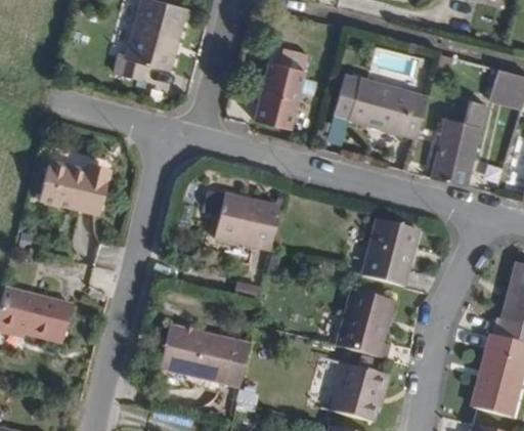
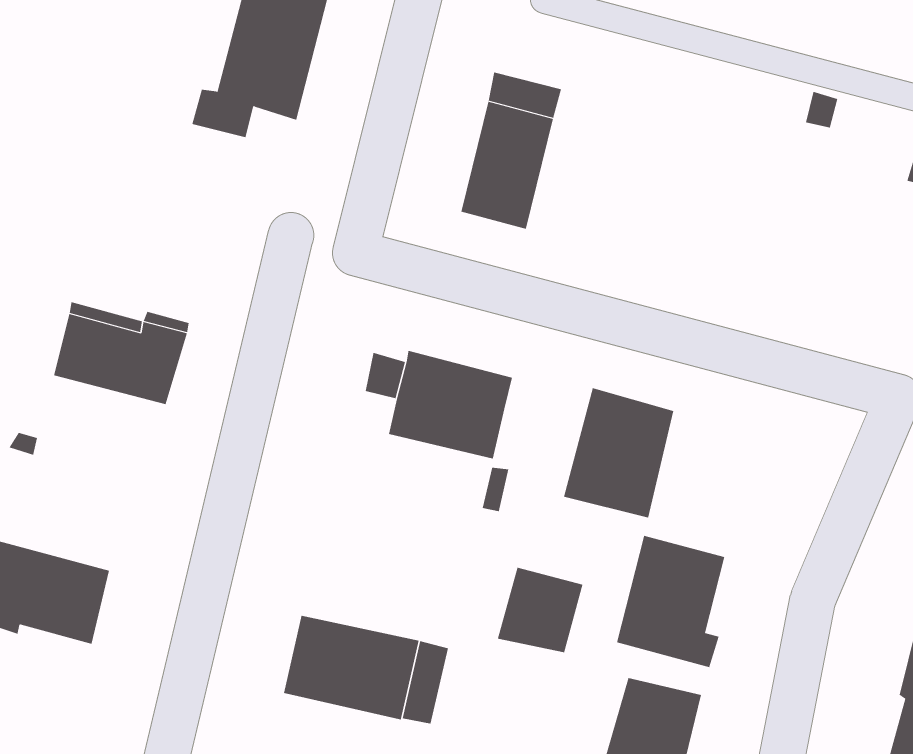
building: [333,76,427,138] -> none
building: [432,99,487,183] -> none
building: [362,216,421,285] -> [563,388,674,518]
building: none -> [497,567,583,653]

